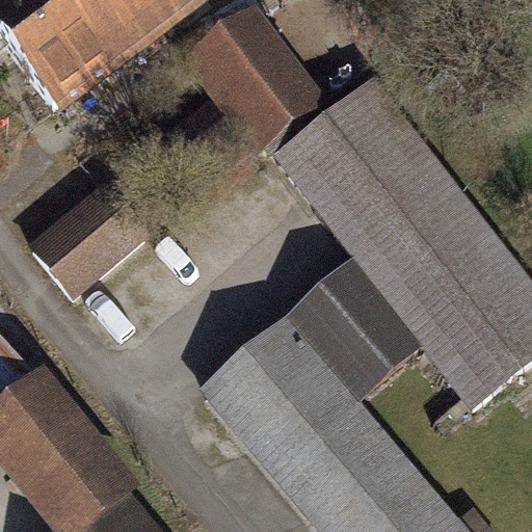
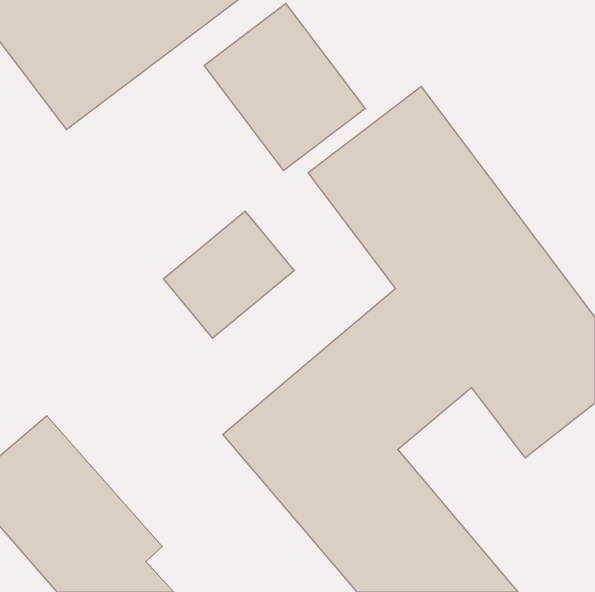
building: [31,185,148,298] -> [163,211,294,338]

